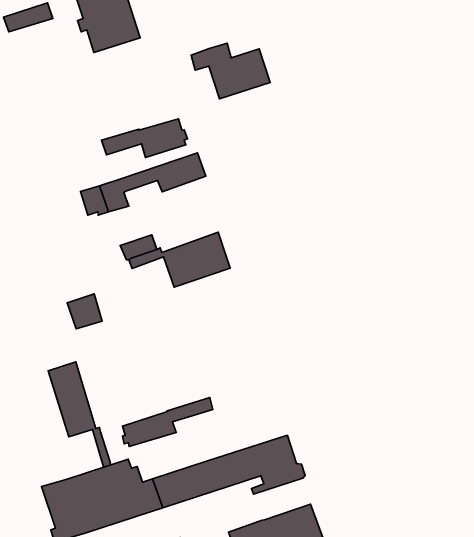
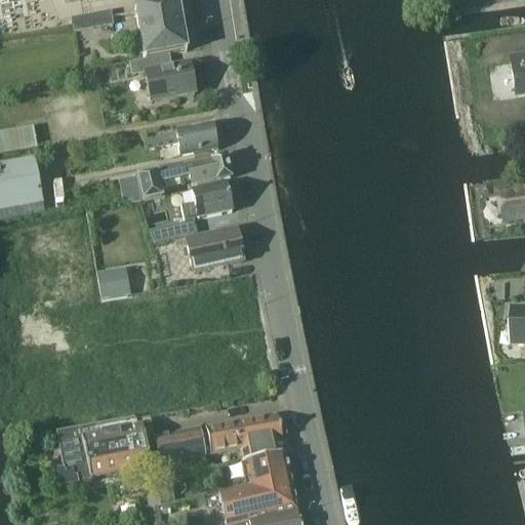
building: [191,43,270,99] -> [129,52,196,100]
building: none -> [181,181,233,219]
building: [48,362,110,467] -> none
building: [122,397,213,447] -> none
building: none -> [242,450,291,483]

